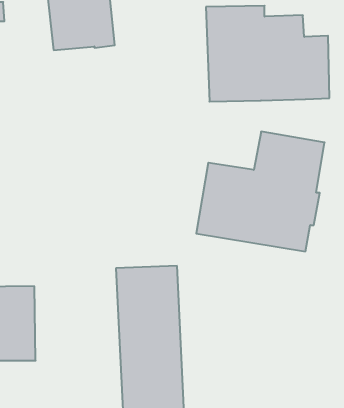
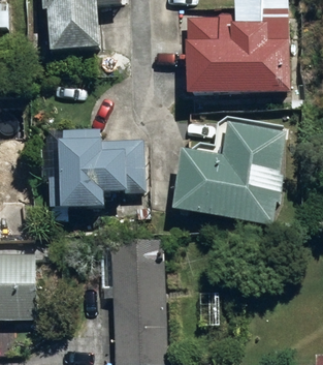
building: none -> [47,127,143,208]

